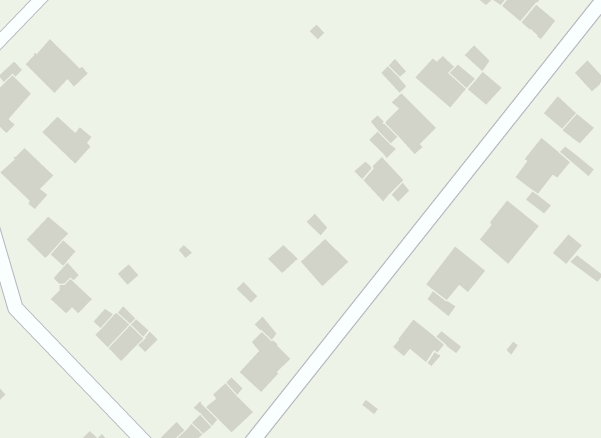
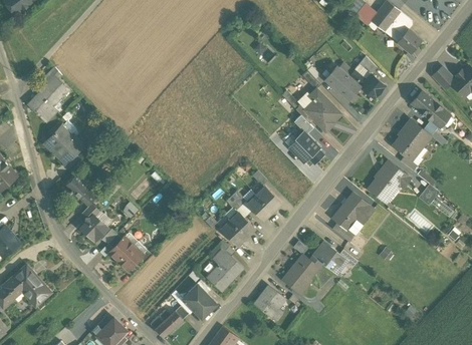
building: [25,38,89,94] -> none
building: [41,116,93,164] -> none
building: none -> [220,213,253,246]
building: none -> [282,256,317,295]
building: none -> [253,286,284,318]

